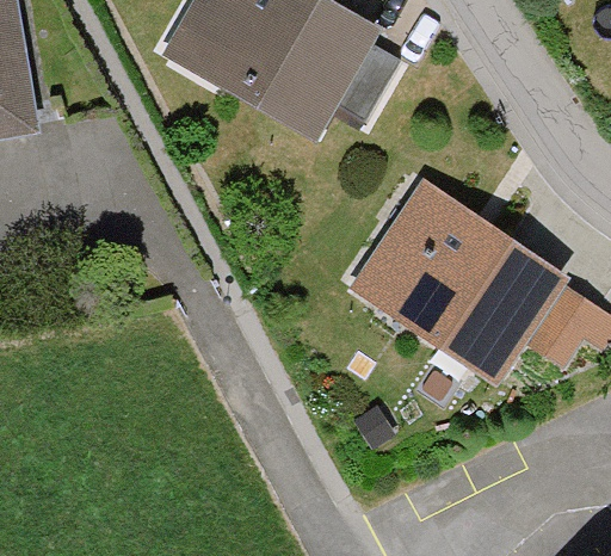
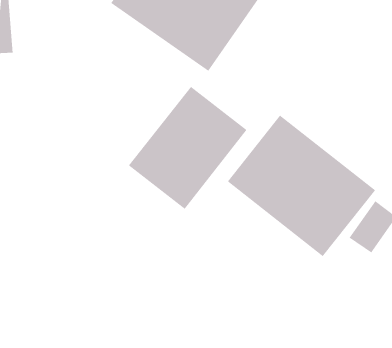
building: none -> [128,86,248,210]

